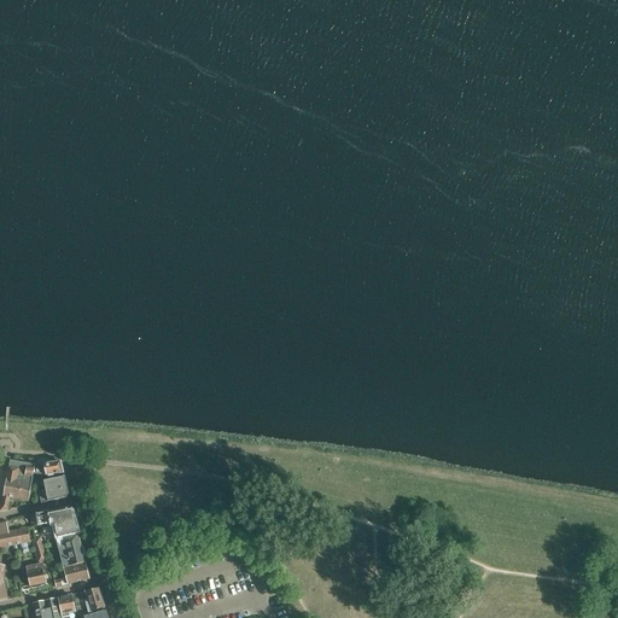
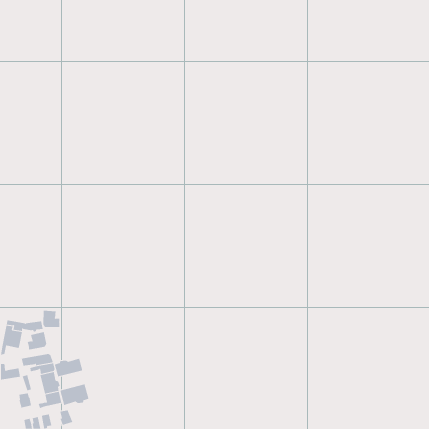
building: none -> [43,310,60,328]
building: none -> [54,358,83,377]
building: none -> [59,384,89,406]

